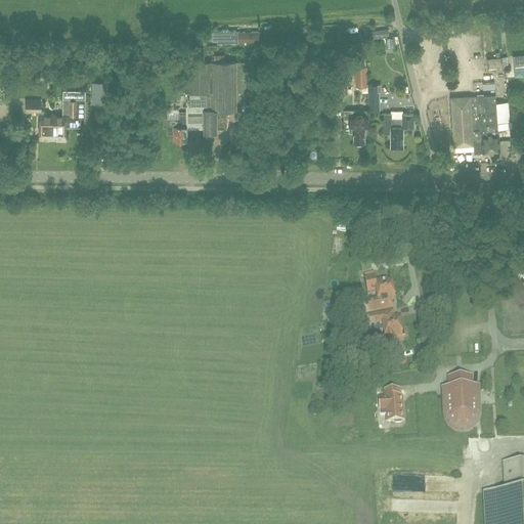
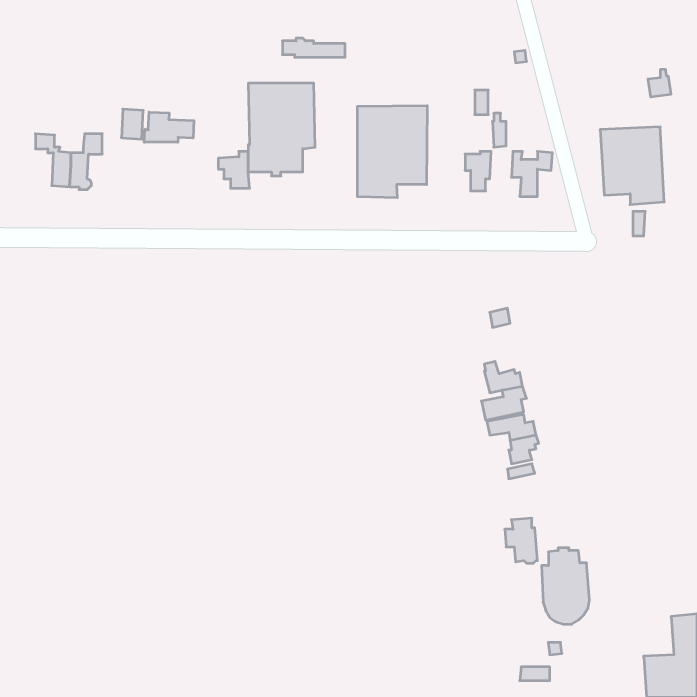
building: none -> [358,106,427,198]
building: none -> [144,112,194,142]
building: [443,374,479,431] -> [542,548,589,624]

